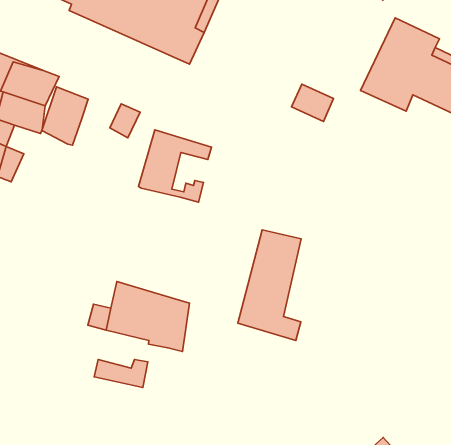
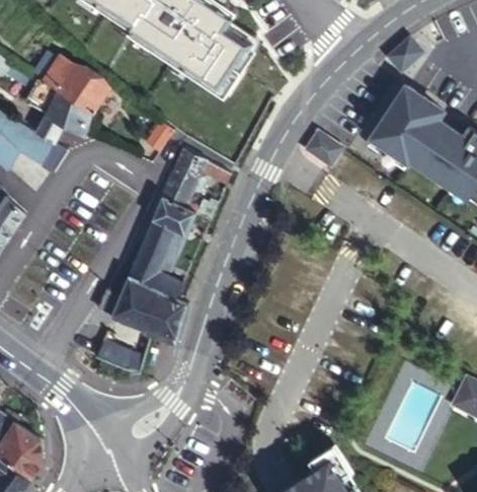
building: [42,87,88,145] -> none
building: [238,230,301,340] -> [128,199,194,299]

